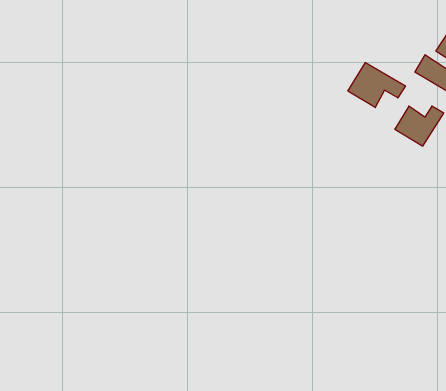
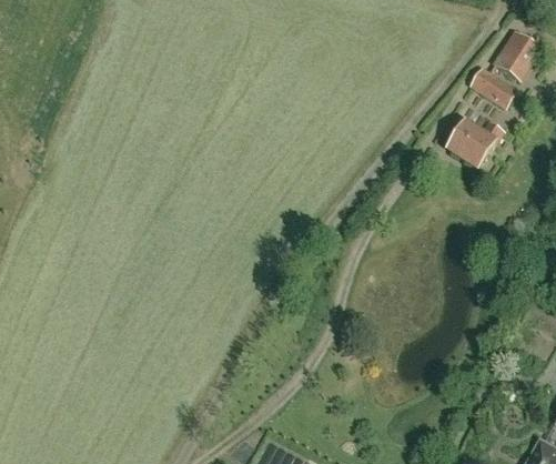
building: [348,63,405,108] -> none

